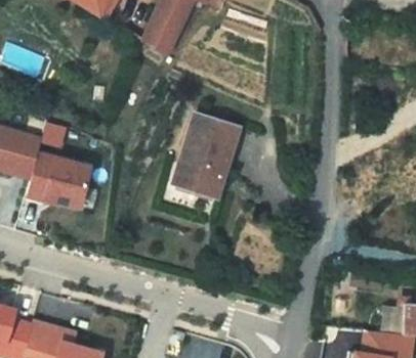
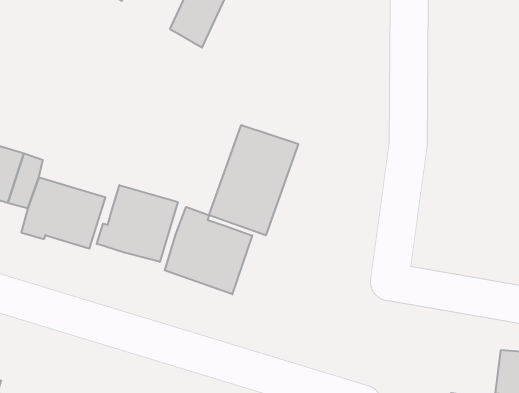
building: none -> [97,185,178,262]
building: none -> [165,207,252,294]

